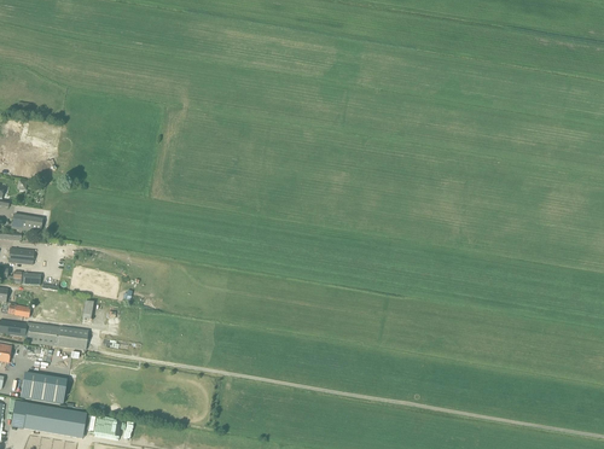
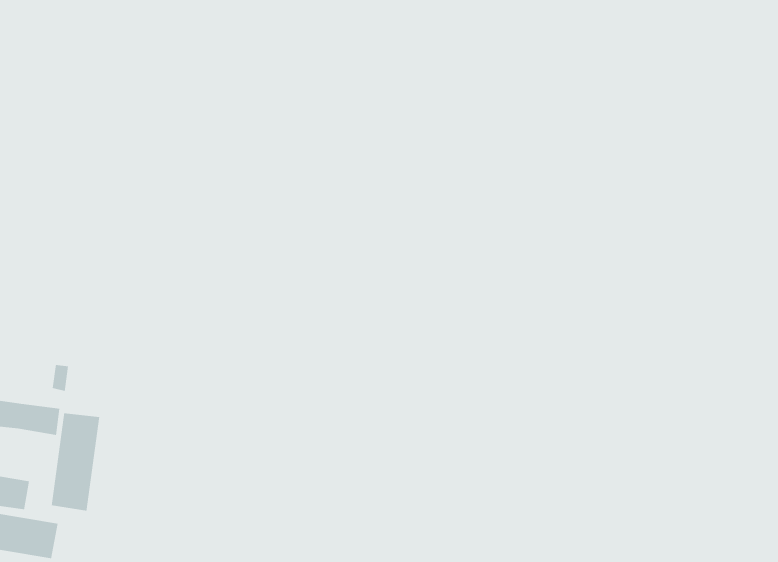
building: none -> [51,412,100,511]

